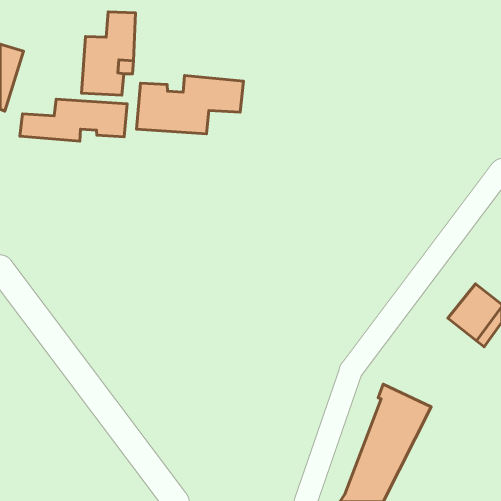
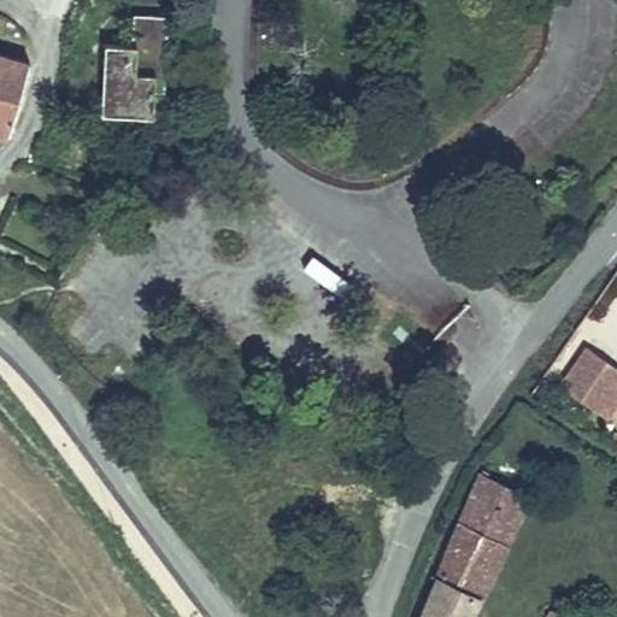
building: [137,75,243,134] -> none
building: [20,99,127,141] -> none

